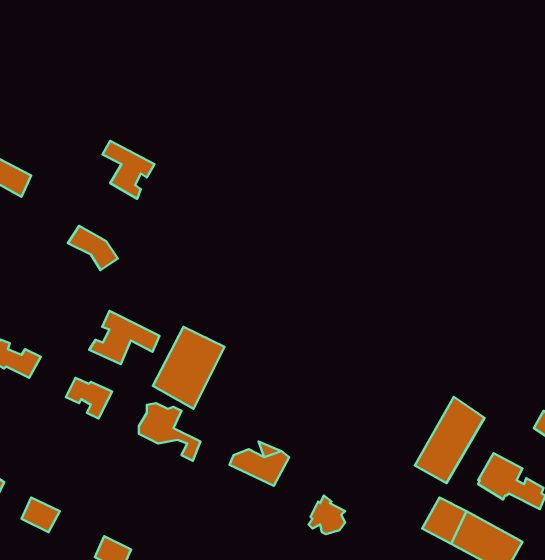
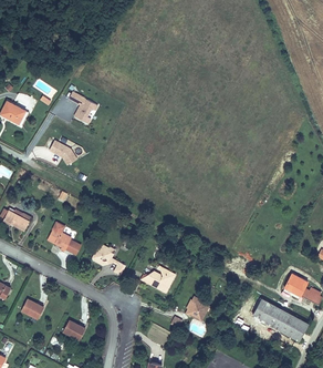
building: [89,311,160,364] -> none
building: [153,327,224,409] -> none
building: [415,397,485,483] -> none

